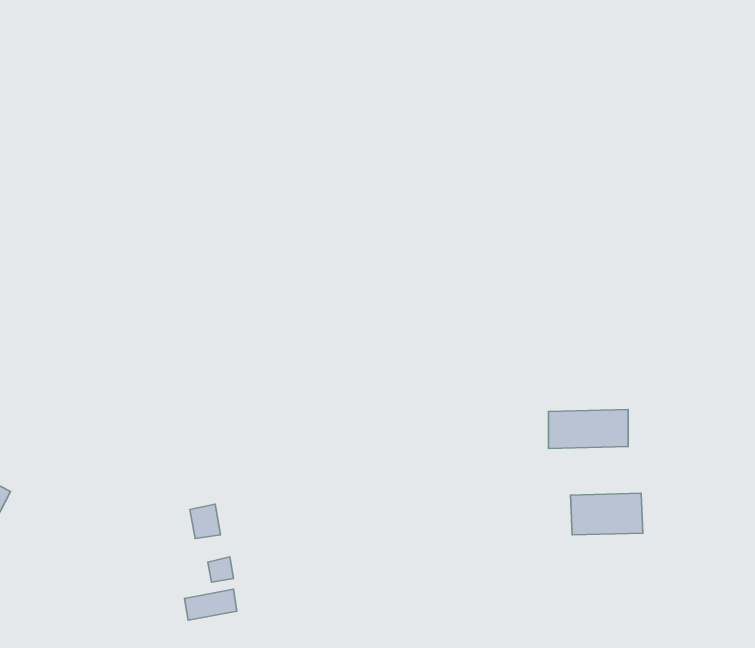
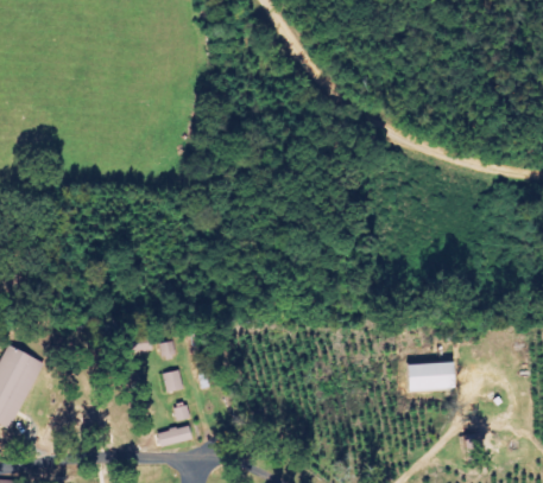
building: [548,409,628,449] -> none

